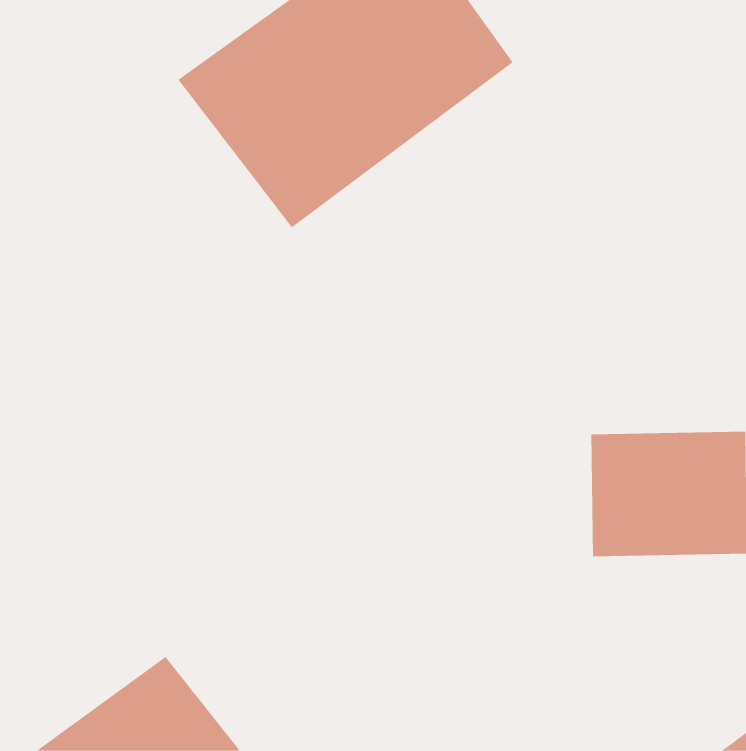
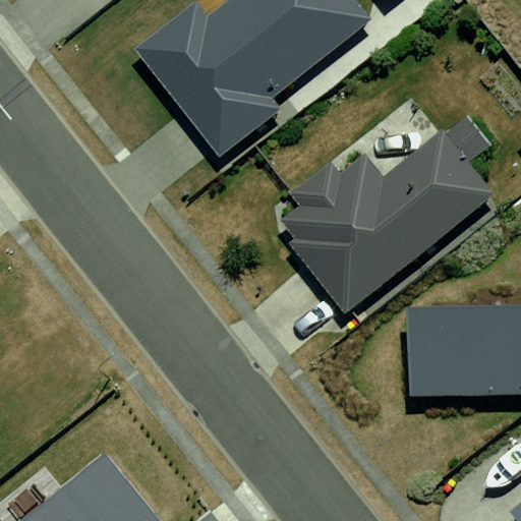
building: none -> [262,136,497,320]

